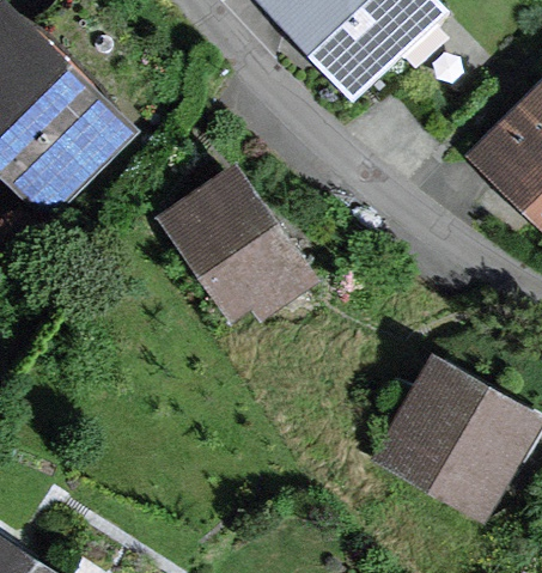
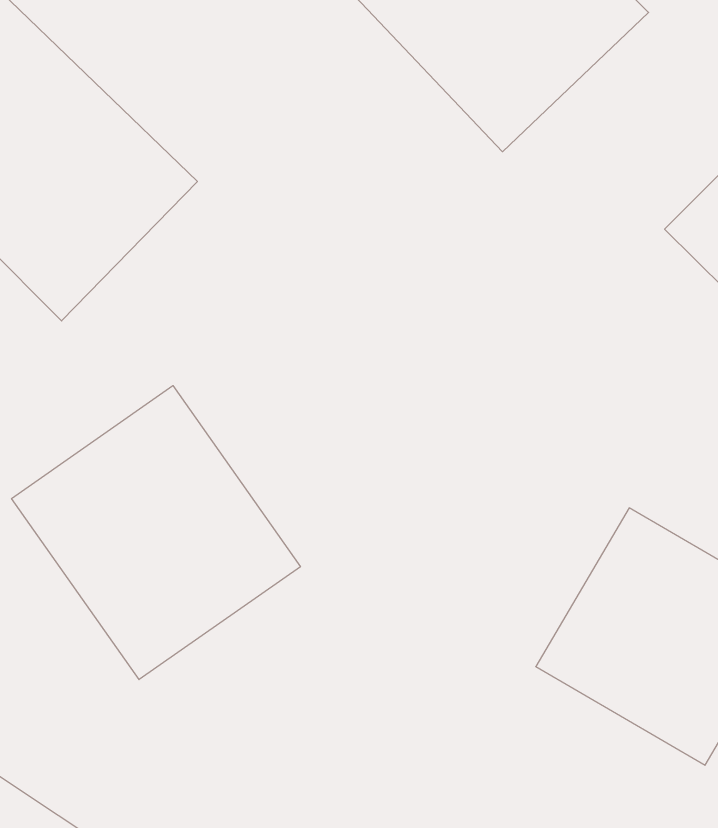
building: [157,161,322,325] -> none
building: none -> [12,386,300,680]

